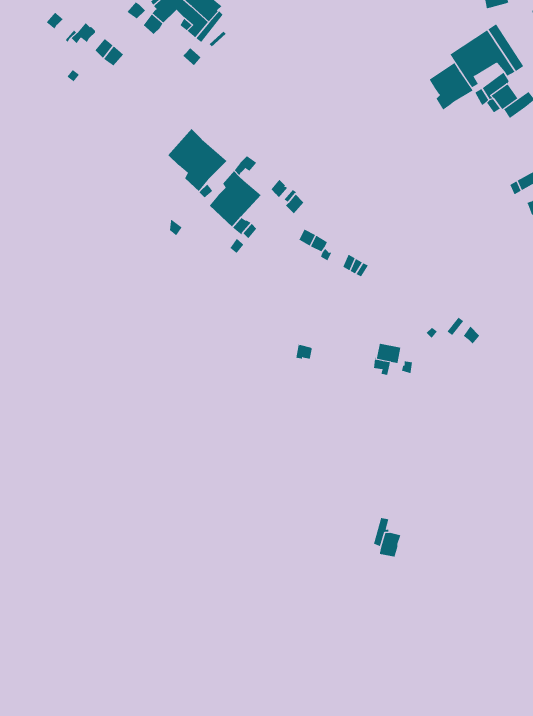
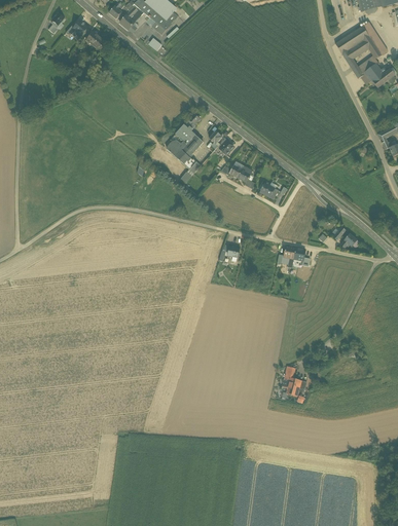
building: [429,62,473,110] -> none
building: [168,128,227,192] -> none

